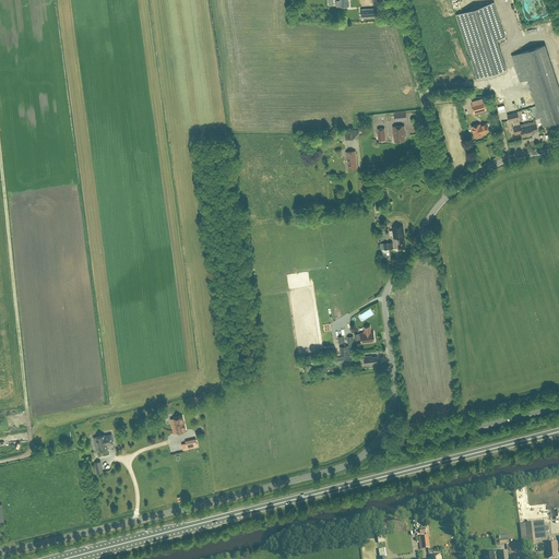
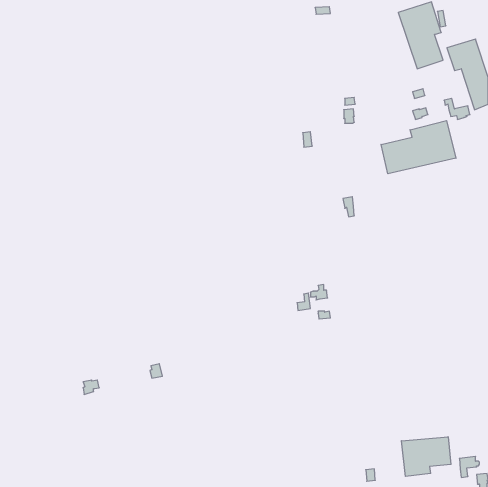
building: none -> [381,121,456,174]
building: none -> [401,437,451,476]

